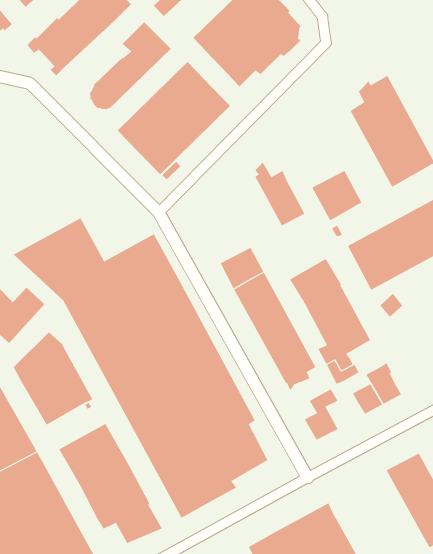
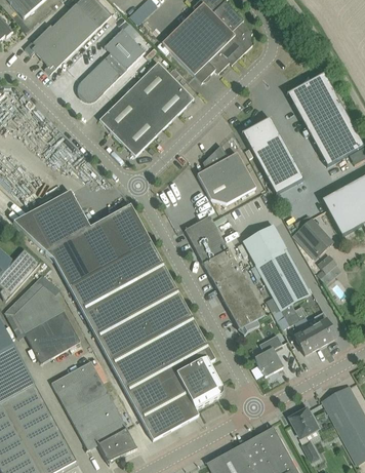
building: none -> [241,124,288,166]
building: none -> [197,157,236,204]
building: none -> [290,408,319,461]

